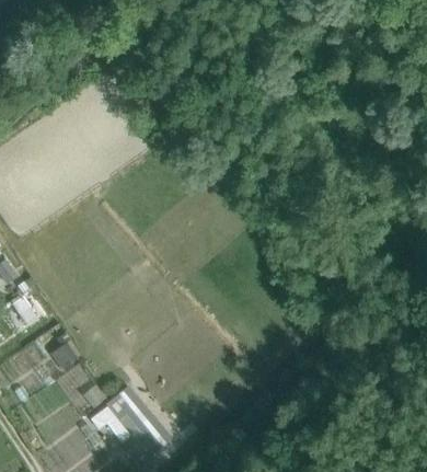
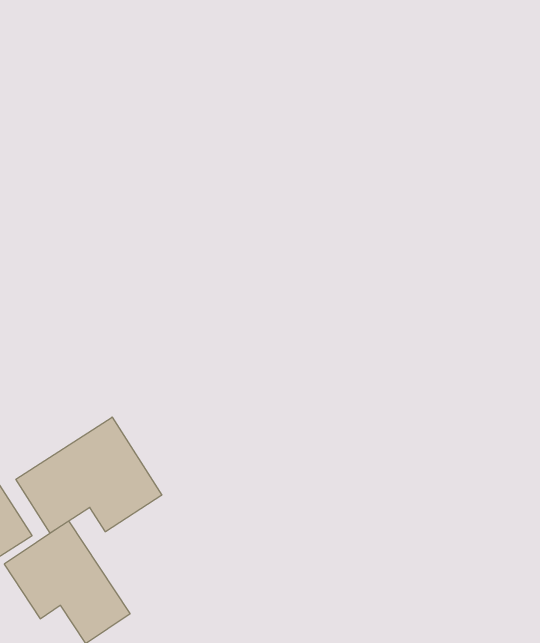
building: none -> [16,417,162,533]

